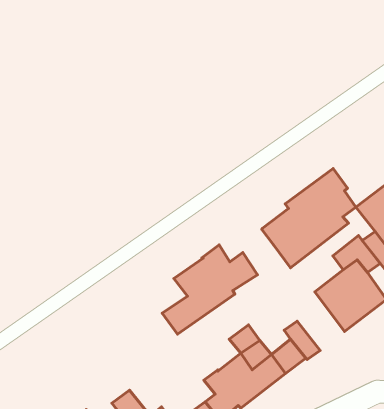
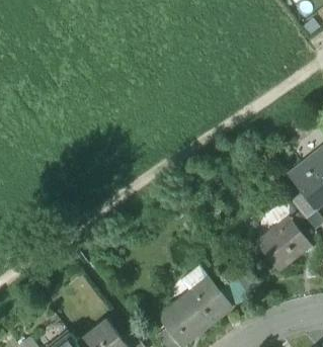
building: [262,169,356,268] -> none
building: [162,245,258,334] -> none

